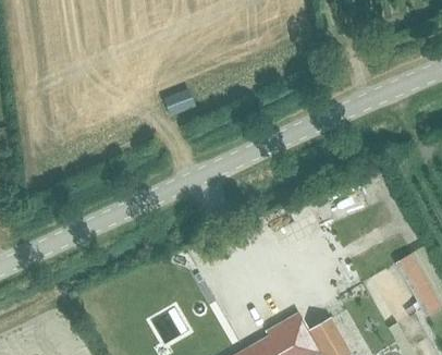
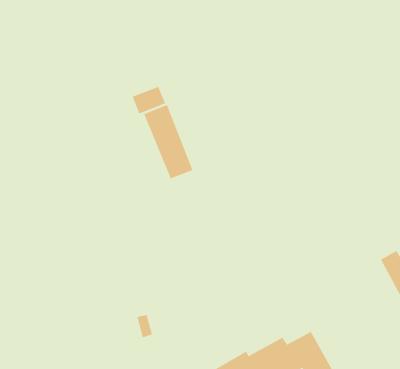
building: none -> [144,104,193,179]

